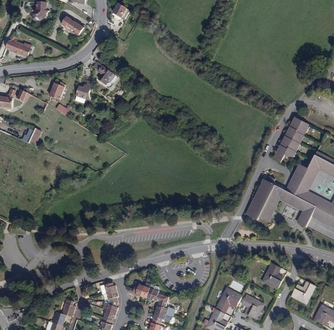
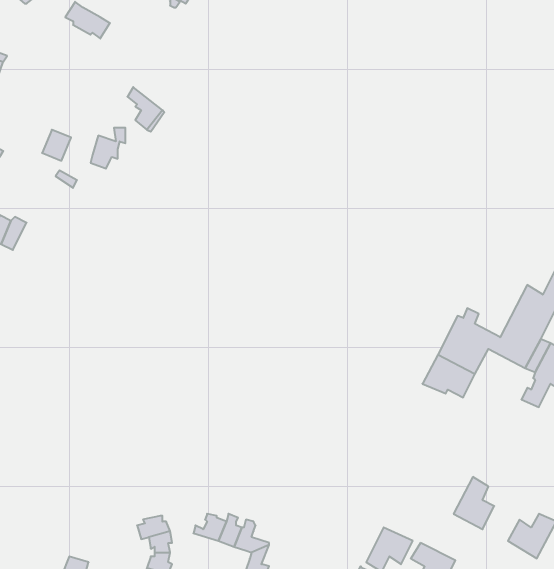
building: [274,117,309,162] -> none

